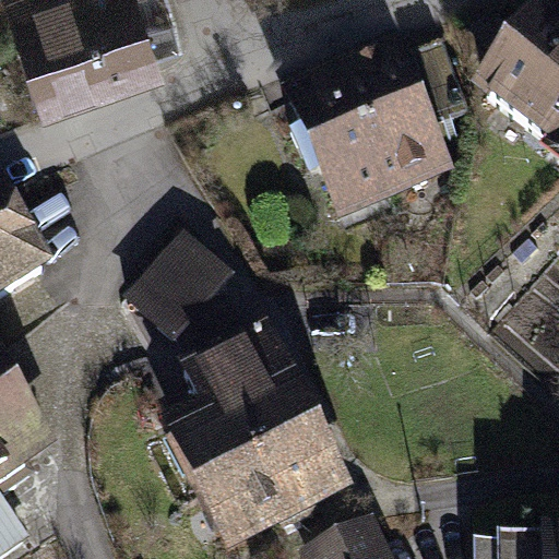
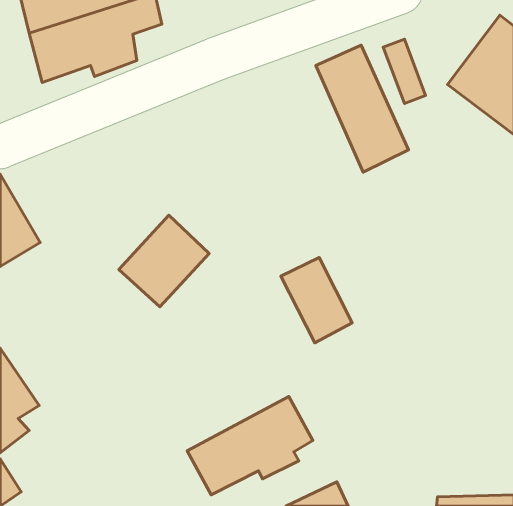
building: [292,71,395,210] -> none
building: none -> [281,258,352,343]
building: [179,330,314,489] -> none

